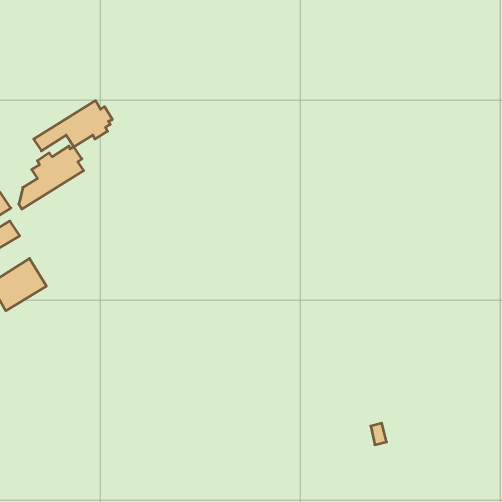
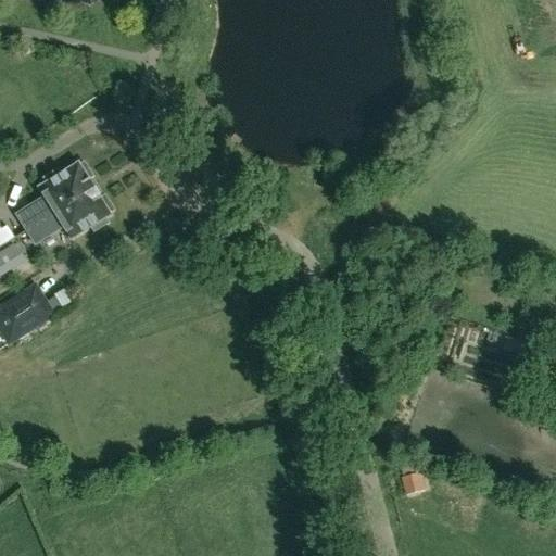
building: [34,101,112,151] -> [24,188,111,243]

